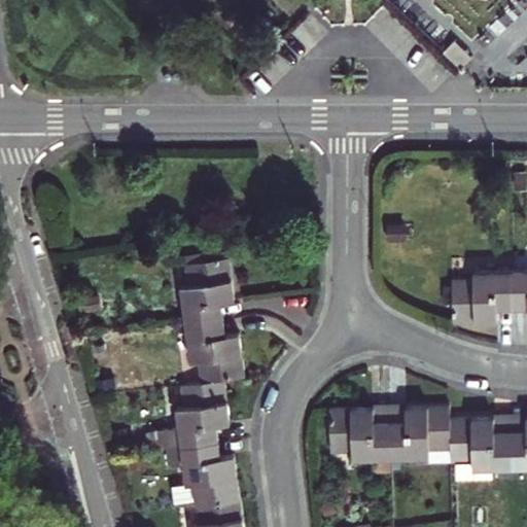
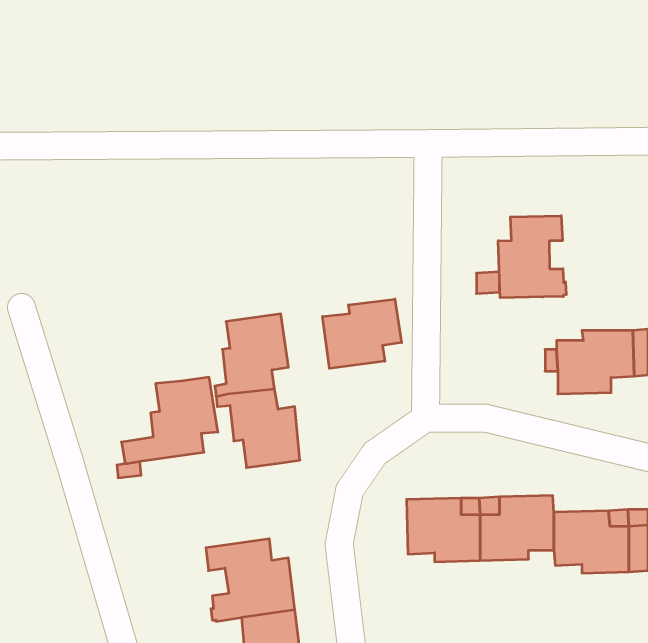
building: none -> [498,216,566,298]
building: none -> [323,299,402,368]
building: [151,381,230,451] -> [121,377,218,464]

